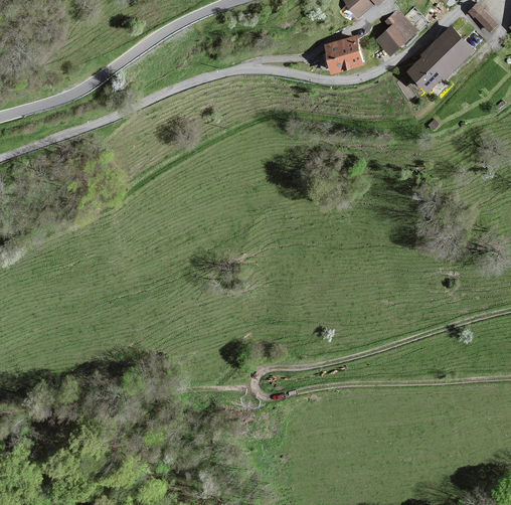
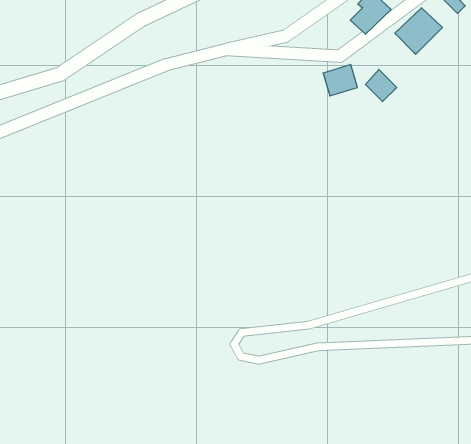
building: [327,36,363,69] -> [323,65,357,96]
building: [409,55,443,90] -> [365,69,397,102]

